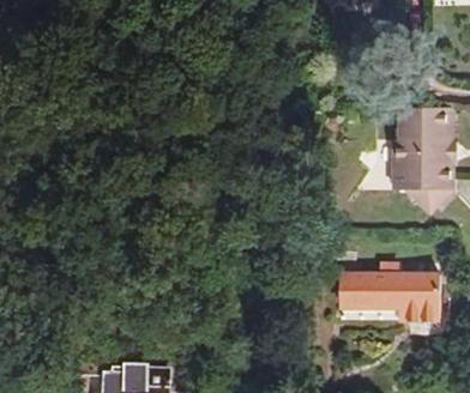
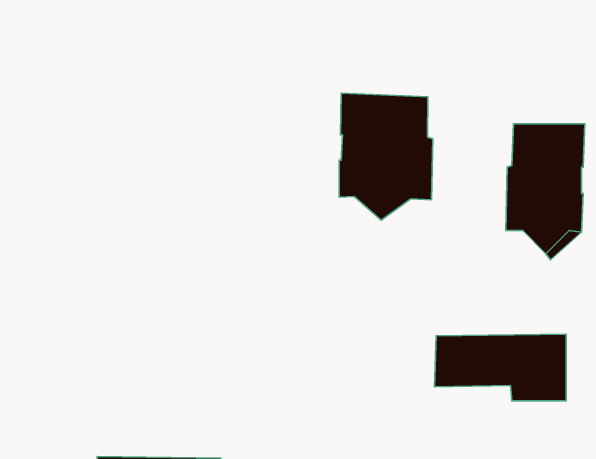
building: none -> [339,93,433,220]

